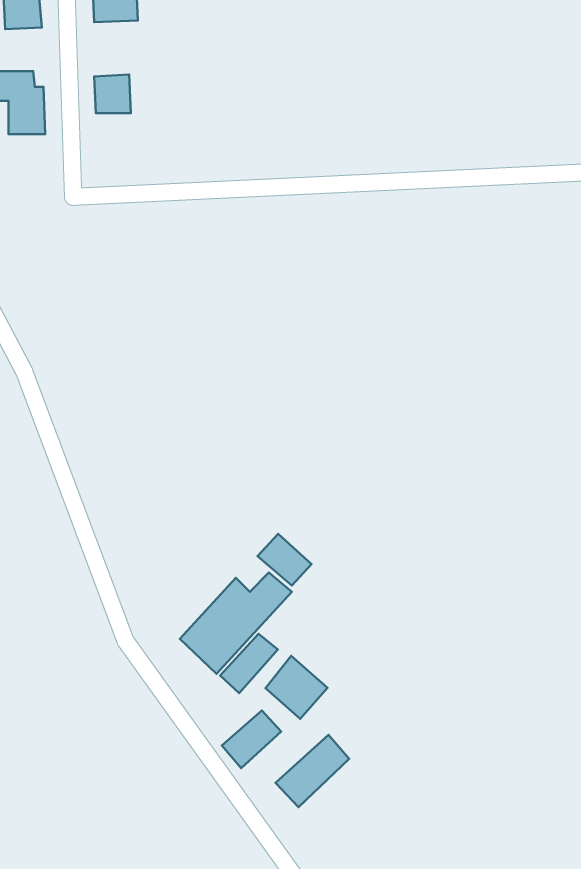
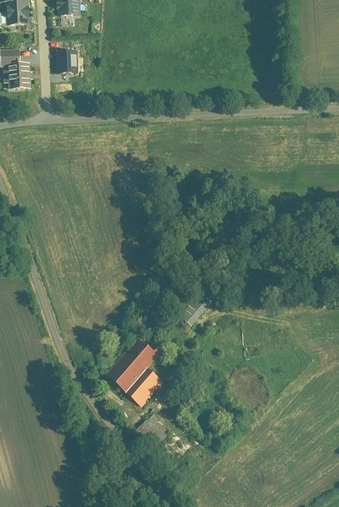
building: [258,534,311,586] -> none
building: [265,656,327,719] -> none
building: [276,735,349,807] -> none

